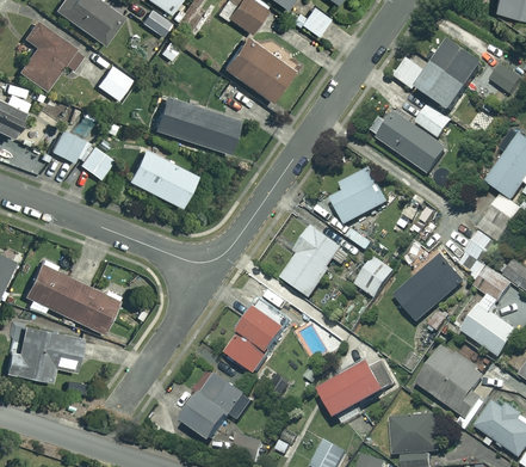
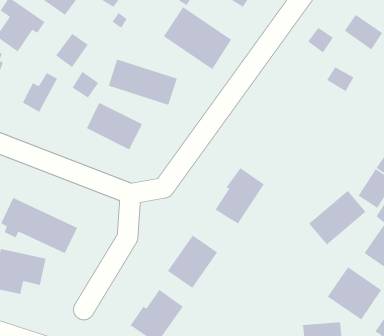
building: [419,62,471,112] -> none
building: [369,112,447,174] -> none
building: [78,145,111,178] -> [71,71,99,99]
building: [332,168,388,225] -> none
building: [355,257,394,297] -> none
building: [317,361,392,420] -> none

